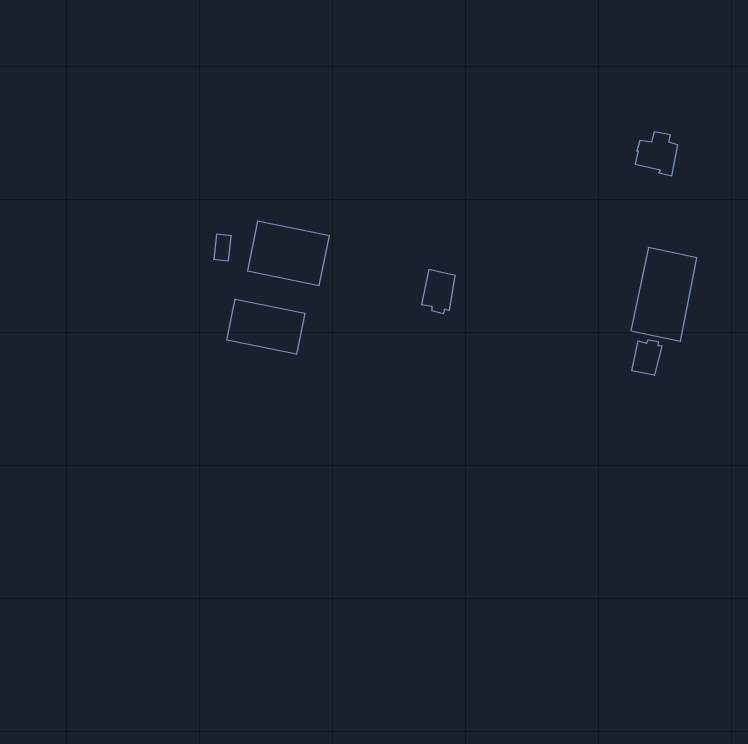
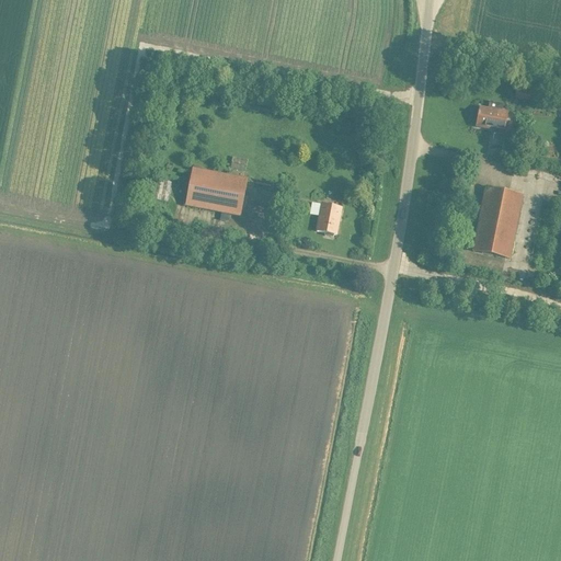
building: [227,299,305,354] -> none
building: [632,340,662,375] -> none

